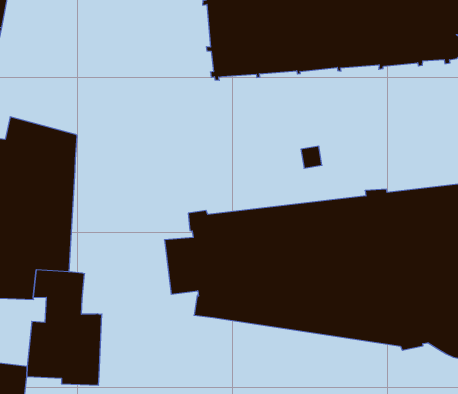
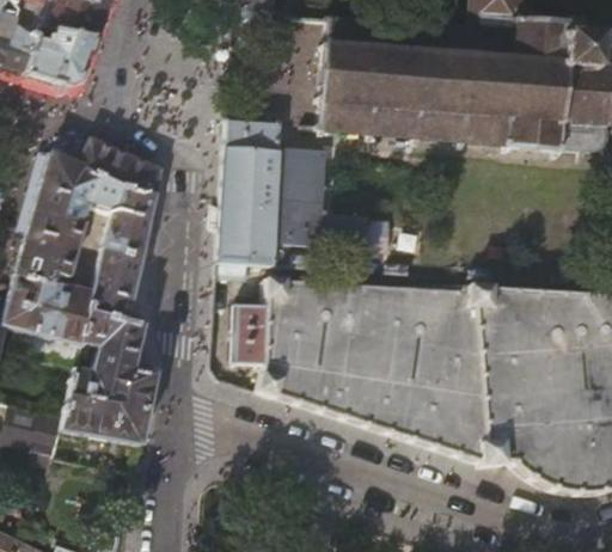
building: none -> [218,117,391,278]

